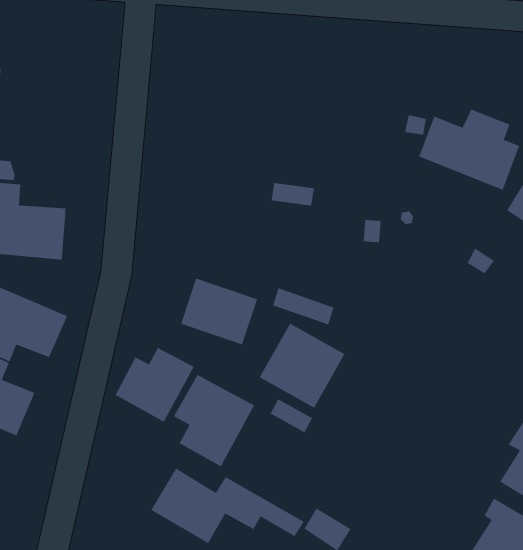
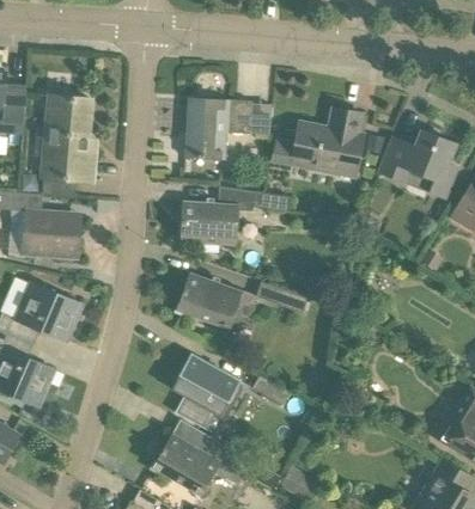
building: none -> [42,96,96,180]
building: none -> [185,99,252,157]
building: none -> [273,106,364,176]
building: none -> [181,200,239,244]
building: [259,323,346,409] -> none
building: [114,347,195,423] -> none

